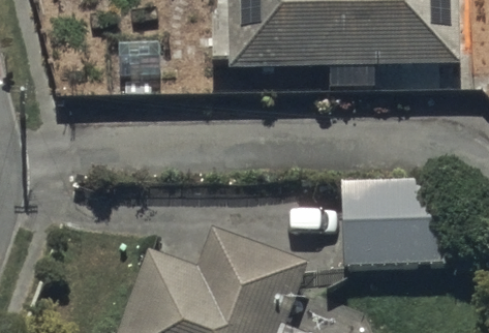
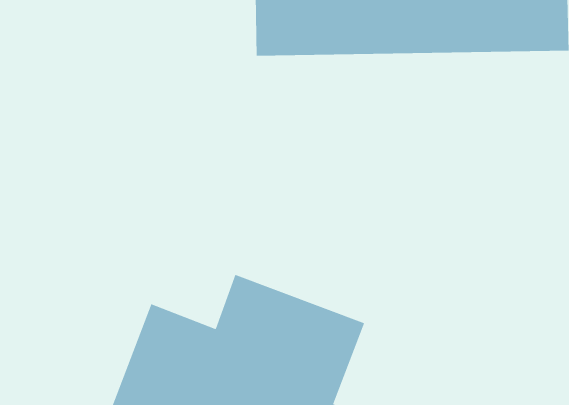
building: [340,179,445,268] -> none

